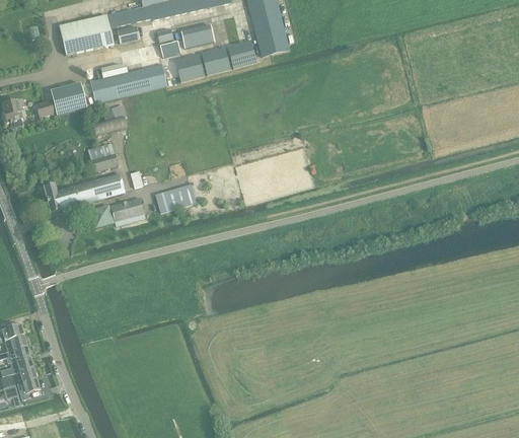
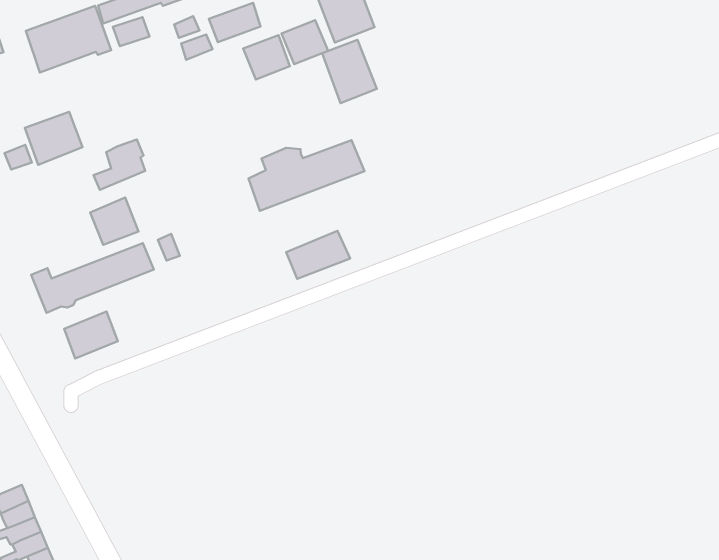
building: [174,53,203,80] -> none
building: none -> [322,40,377,103]
building: [89,63,166,102] -> [248,140,364,211]
building: [154,182,196,211] -> [286,231,350,279]
building: [109,197,144,225] -> [64,312,118,358]

